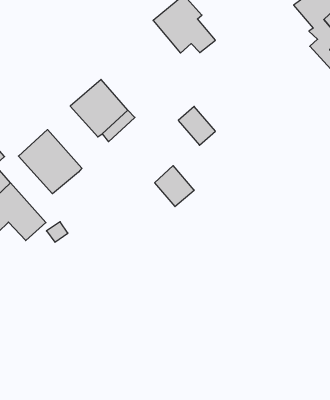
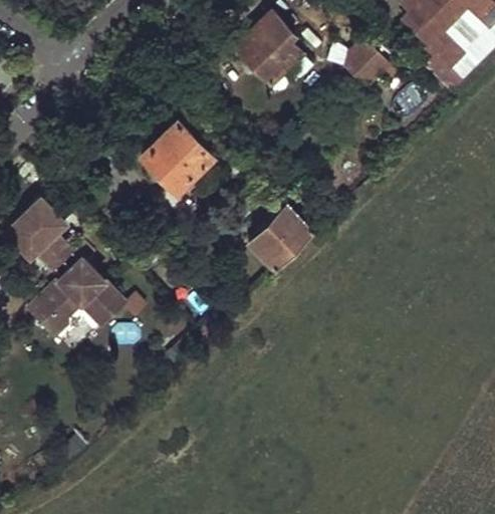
building: none -> [345,43,403,89]
building: [178,106,215,145] -> [269,201,314,247]
building: [18,130,82,194] -> none

